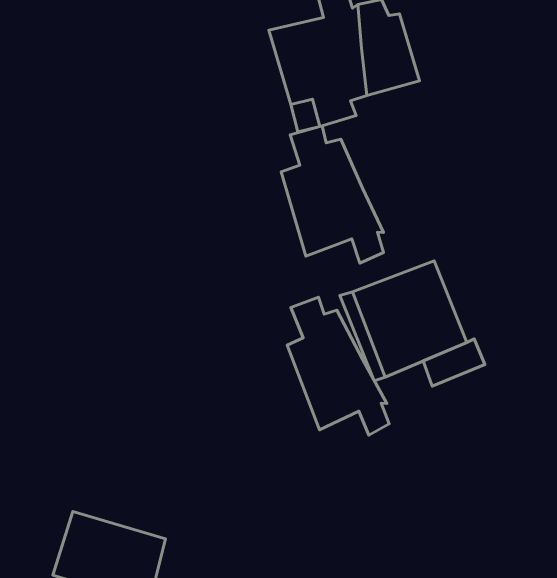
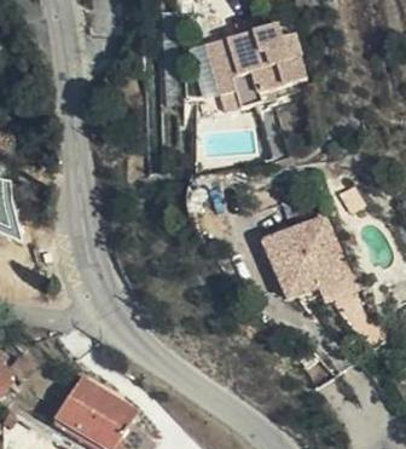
building: [281,126,384,263] -> none
building: [287,297,389,435] -> none

